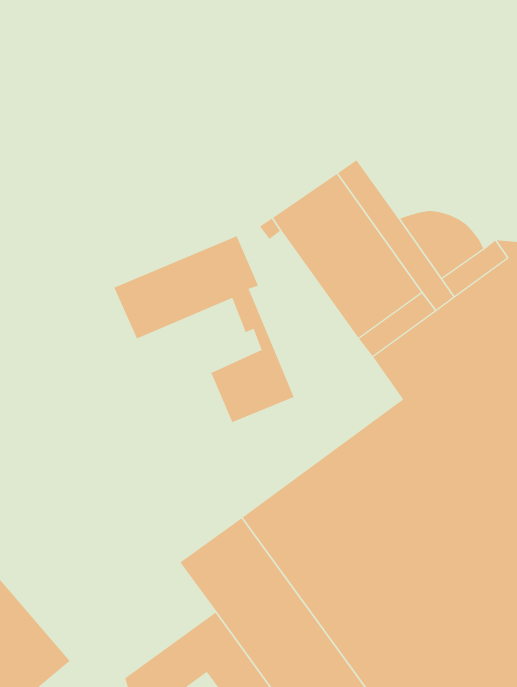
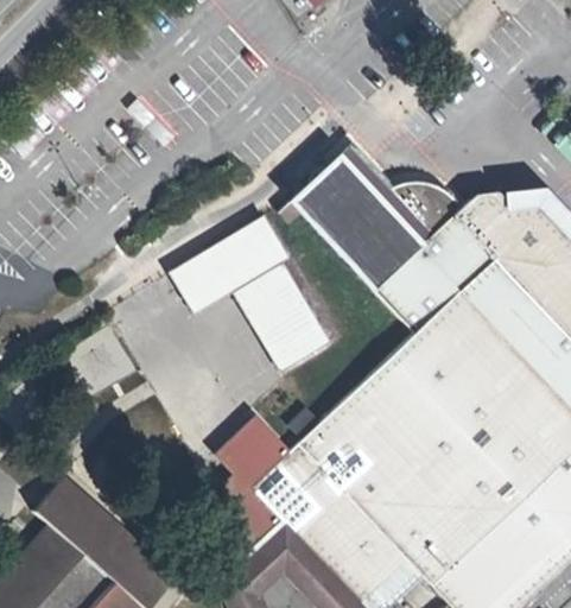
building: none -> [233,271,296,332]
building: none -> [216,419,287,552]

